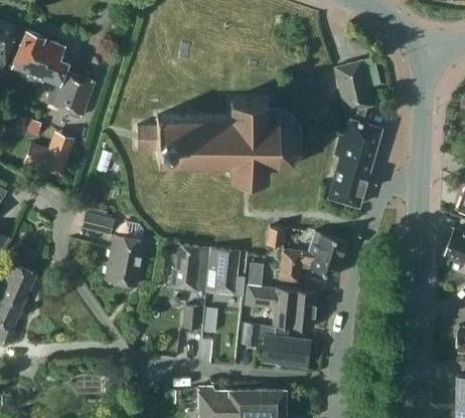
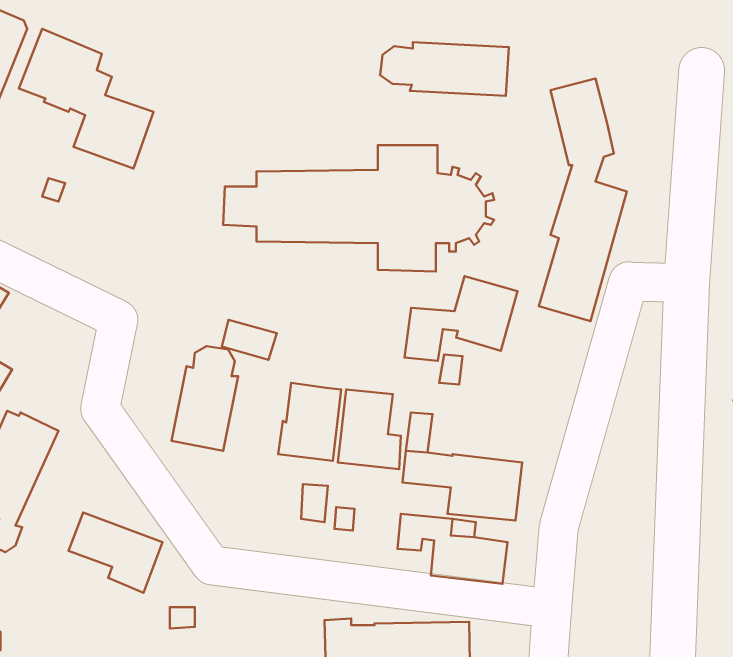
building: none -> [380,42,509,96]
building: [24,135,72,175] -> none
building: [82,212,115,236] -> [222,320,277,360]
building: [279,232,347,283] -> [405,276,518,361]
building: none -> [68,512,163,593]

